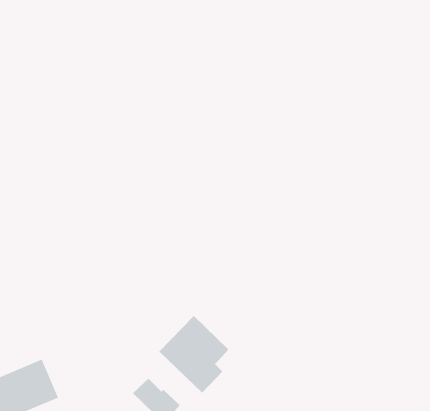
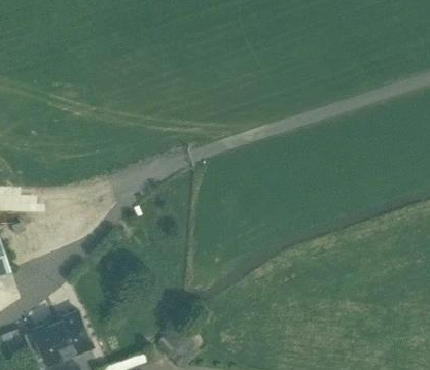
building: [158,315,229,394] -> none

